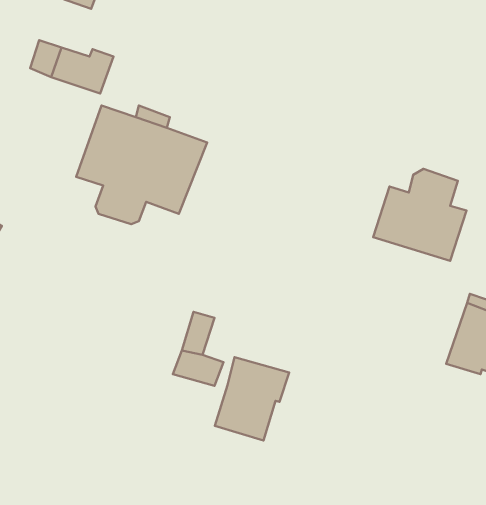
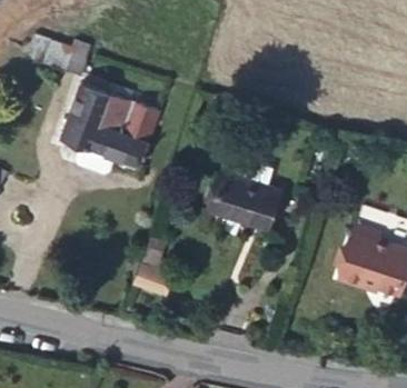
building: [373,169,467,261] -> [209,160,279,229]
building: [215,357,289,440] -> none

